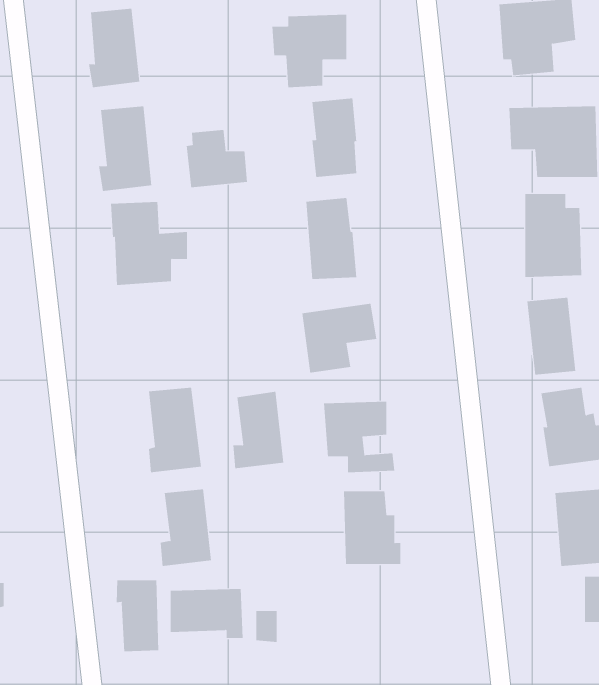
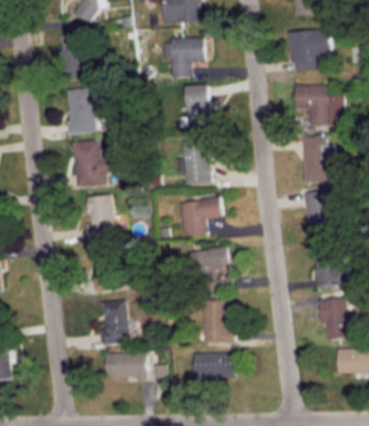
building: [186,129,247,188] -> none
building: [232,391,284,469] -> [84,194,113,237]
building: [116,580,159,652] -> none
building: none -> [193,352,234,382]

